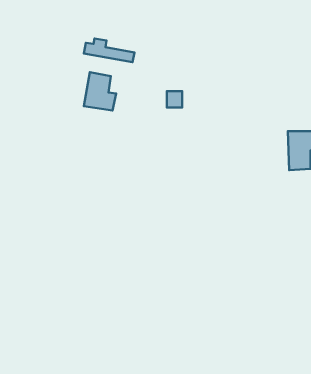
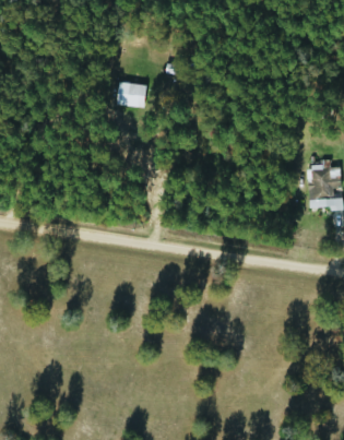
building: [84,72,116,110] -> none

